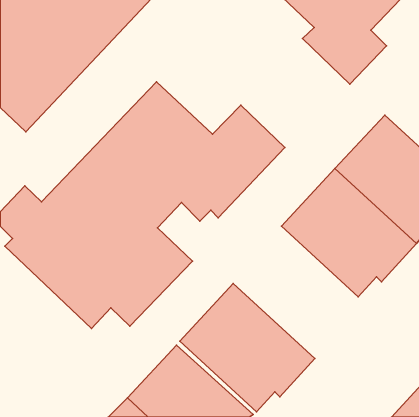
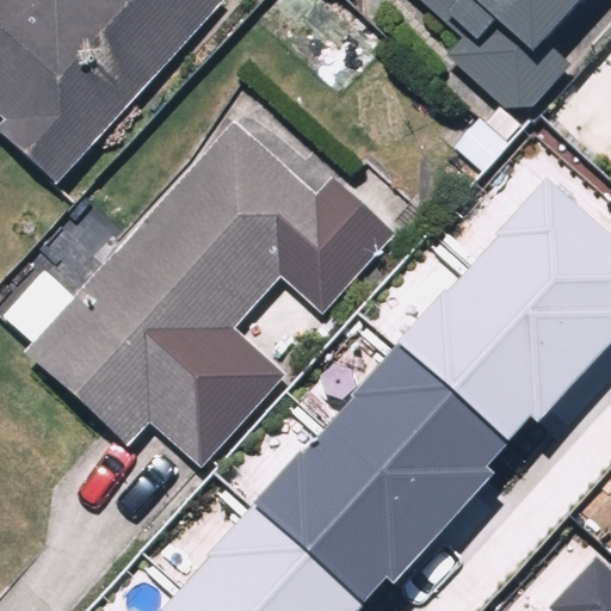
building: none -> [344,329,524,513]

